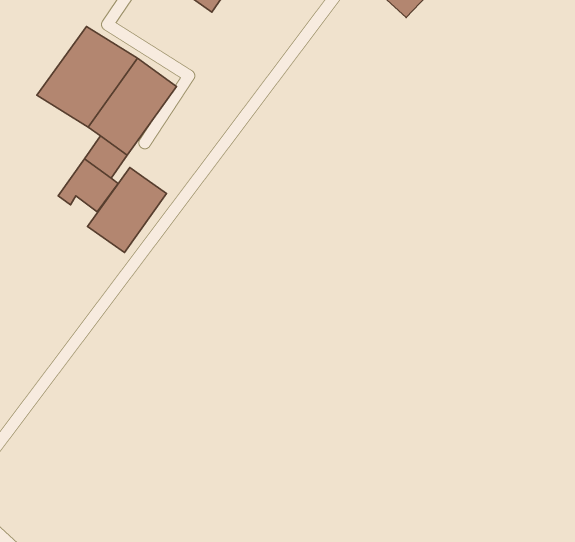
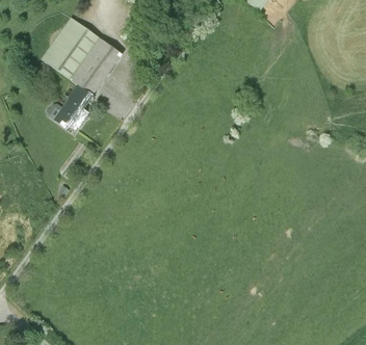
building: [88,167,167,252] -> none

